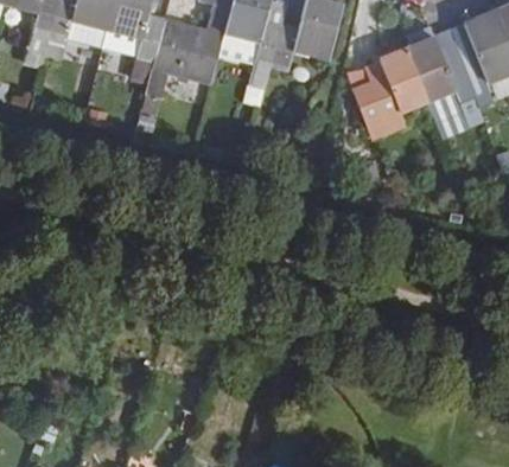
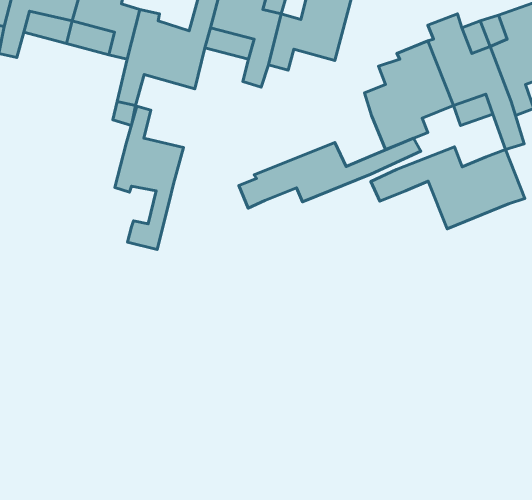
building: none -> [115,106,183,250]
building: none -> [239,138,421,208]
building: none -> [371,147,525,229]

